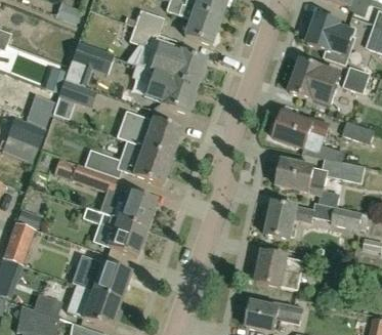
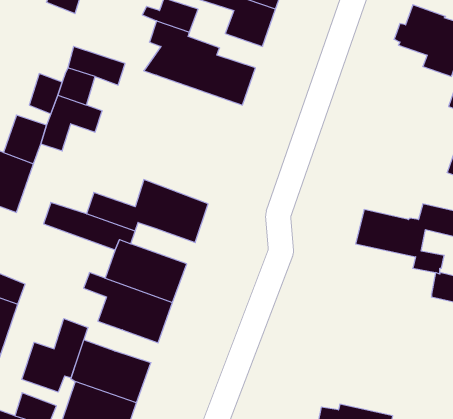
building: [290,59,341,106] -> none
building: [130,65,196,113] -> none
building: [115,109,181,157] -> none
building: [271,112,330,153] -> none
building: [266,203,313,241] -> none
building: none -> [22,319,88,392]
building: [256,252,304,290] -> none

